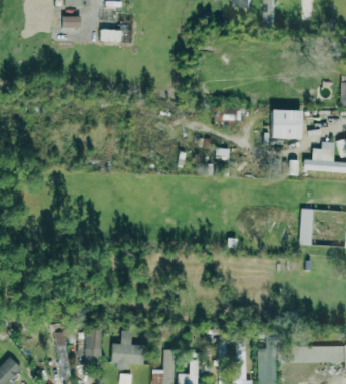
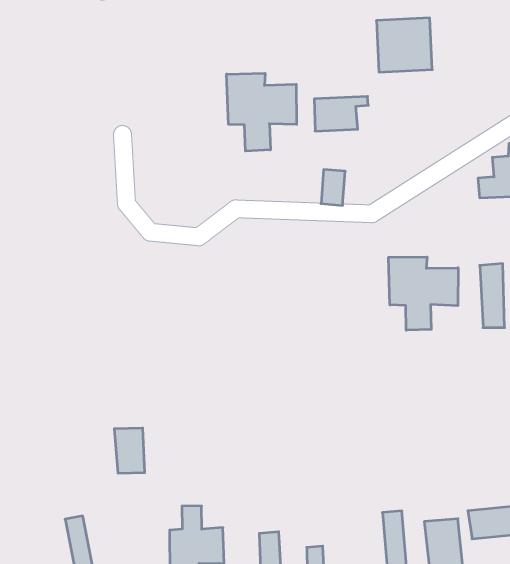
building: none -> [227,73,297,151]
building: [270,109,301,139] -> [376,18,432,72]
building: none -> [389,257,458,330]
building: [84,329,100,355] -> [114,428,145,473]

